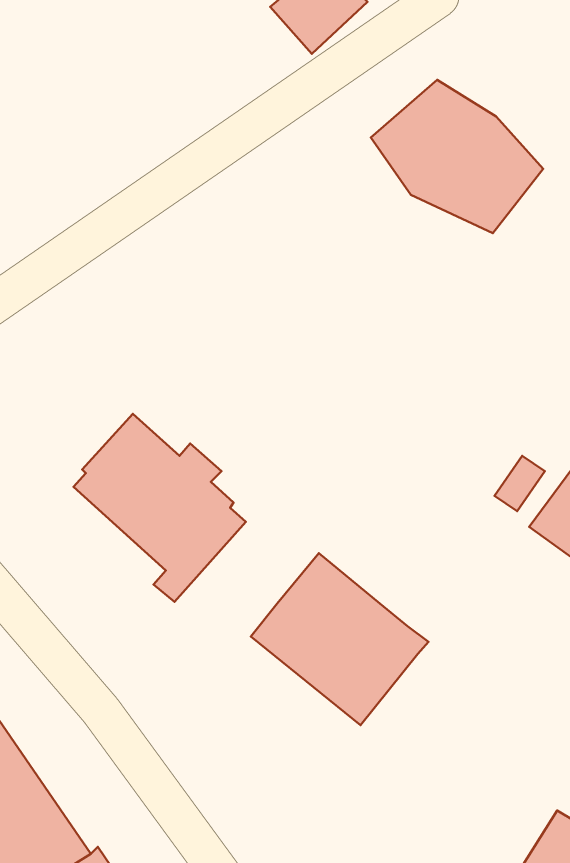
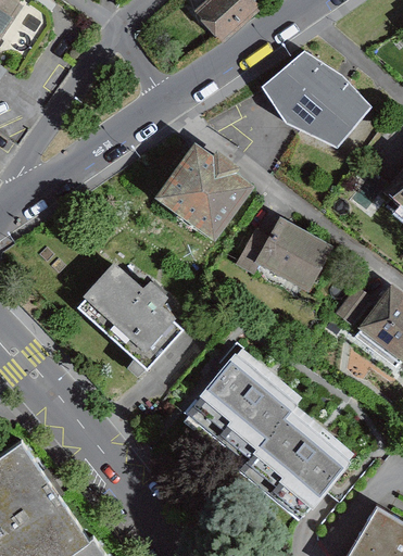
building: none -> [158,151,247,238]
building: none -> [238,217,330,285]
building: none -> [247,410,357,518]

